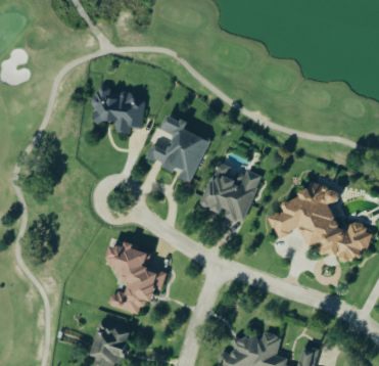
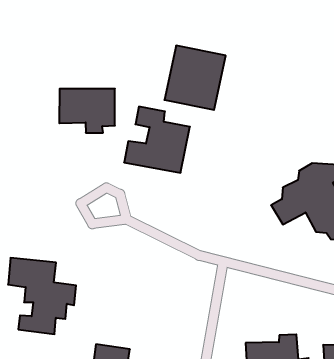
building: [200,161,259,222] -> [164,46,226,110]
building: [105,241,165,314] -> [8,258,76,334]

